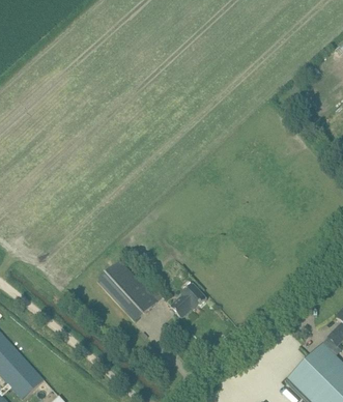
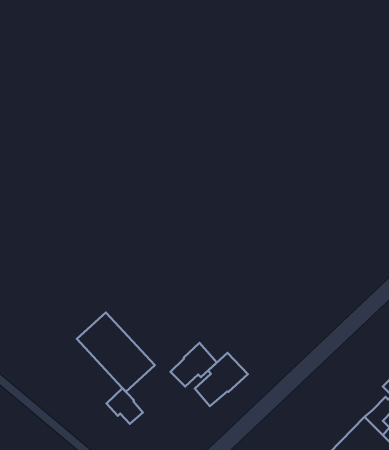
building: none -> [195,353,248,406]
building: none -> [107,388,143,424]

